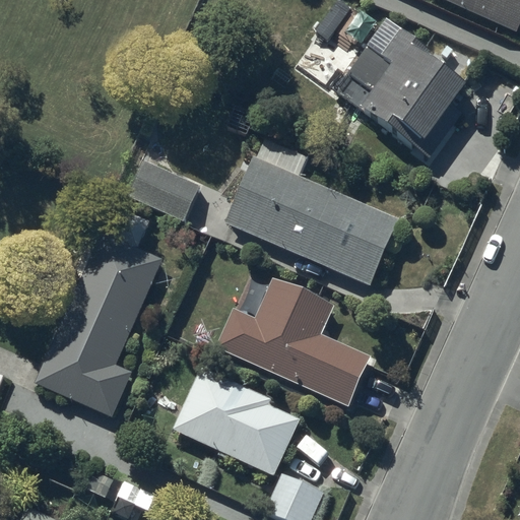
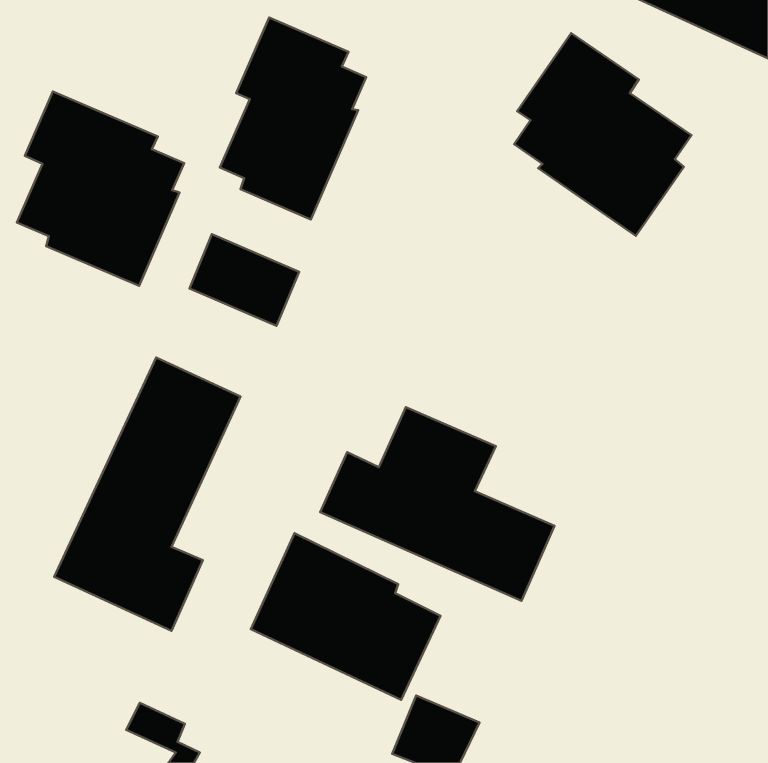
building: none -> [220,18,366,219]
building: none -> [17,91,184,286]
building: [221,153,396,283] -> none

